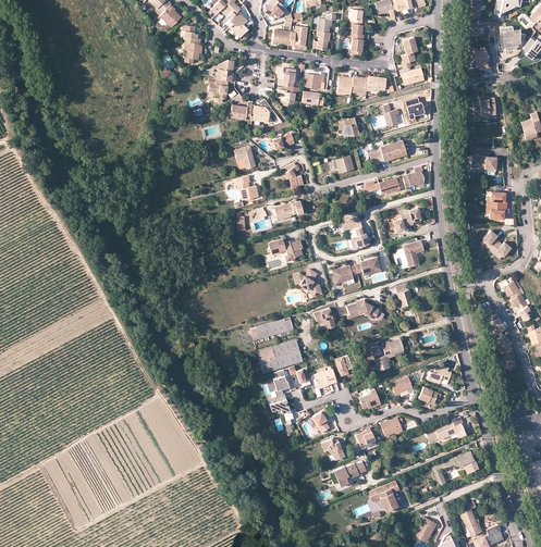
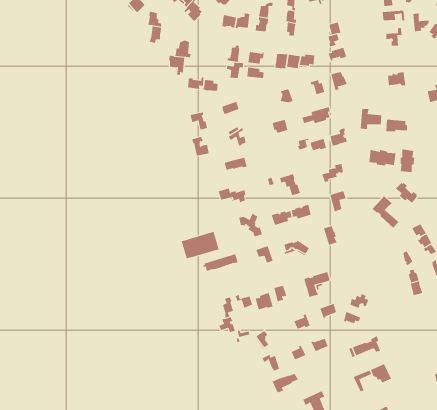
building: none -> [360,108,382,130]
building: none -> [369,149,396,166]
building: none -> [372,196,399,228]
building: [257,339,304,373] -> [181,231,220,259]

